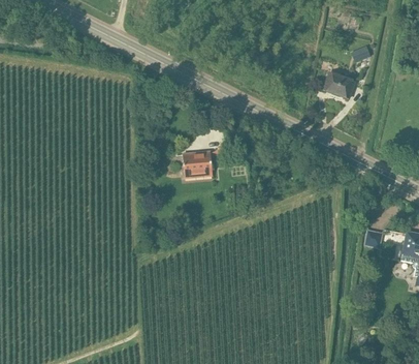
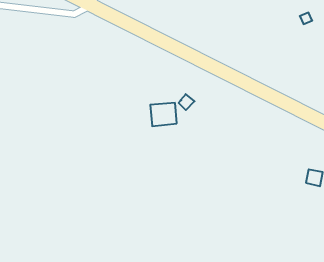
building: [323,72,353,97] -> none

